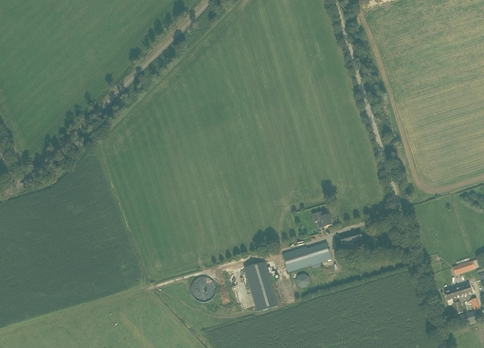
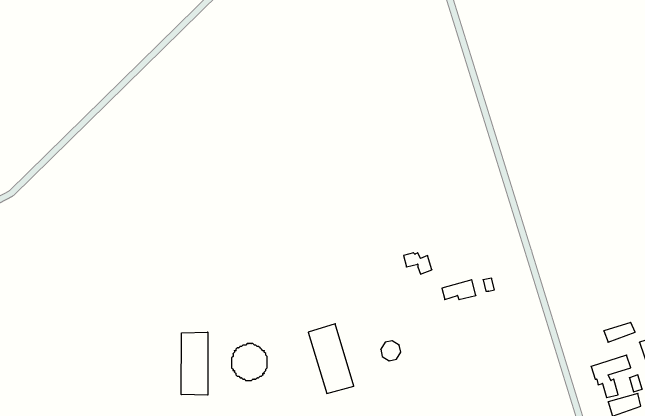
building: [281,241,331,271] -> none
building: none -> [181,332,208,395]

